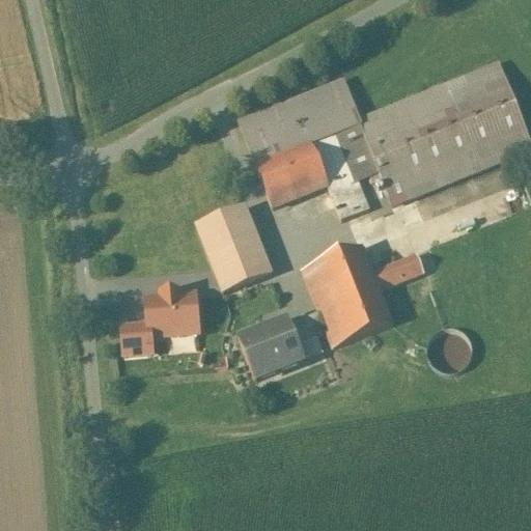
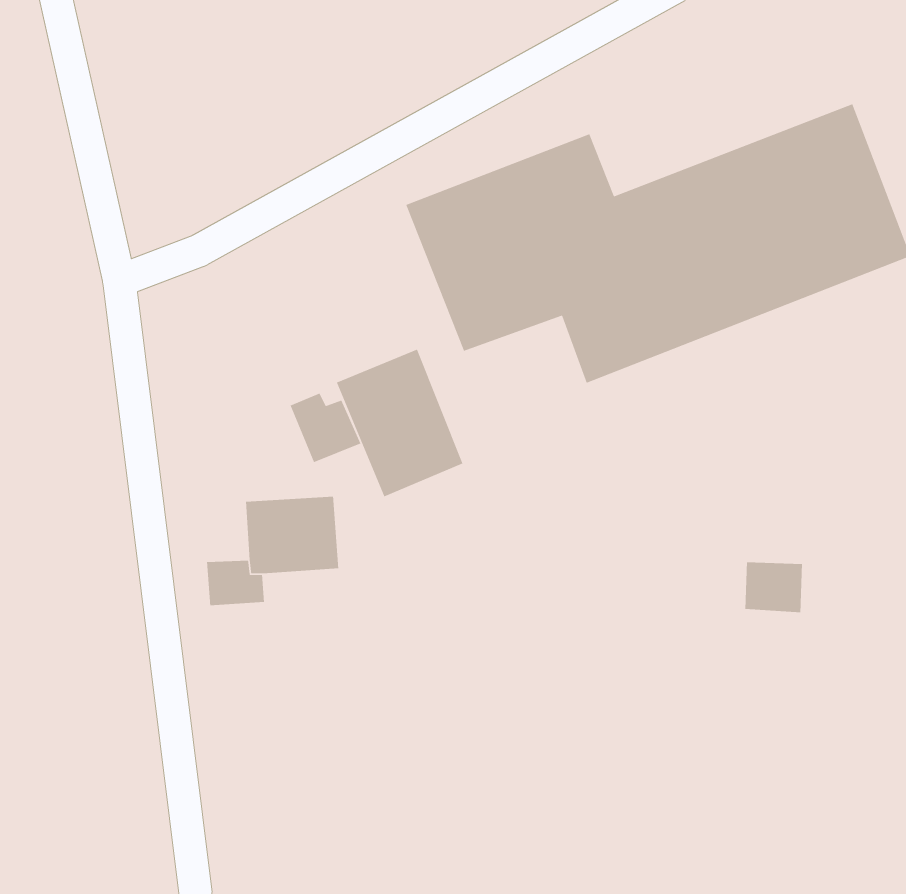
building: none -> [289,392,361,463]
building: [239,245,424,378] -> none

